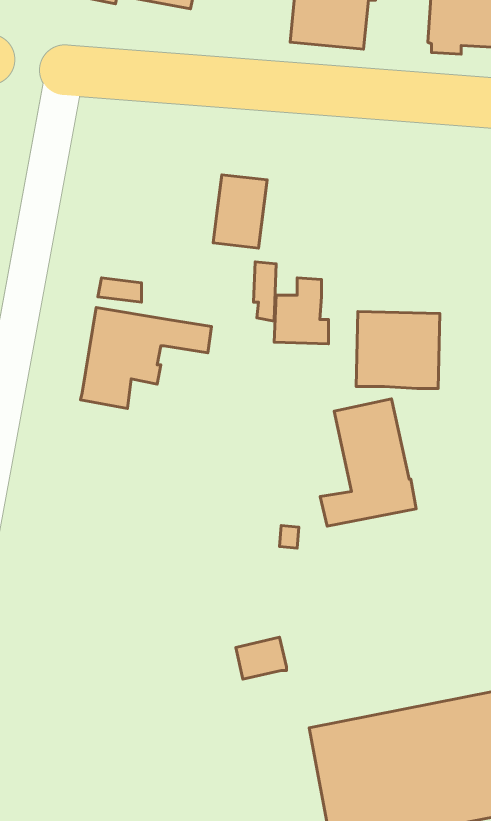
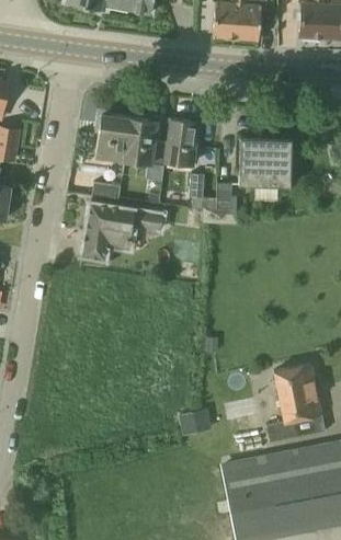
building: none -> [95,114,166,165]
building: [356,312,440,388] -> [238,138,291,186]
building: [320,399,416,526] -> [264,363,325,443]

